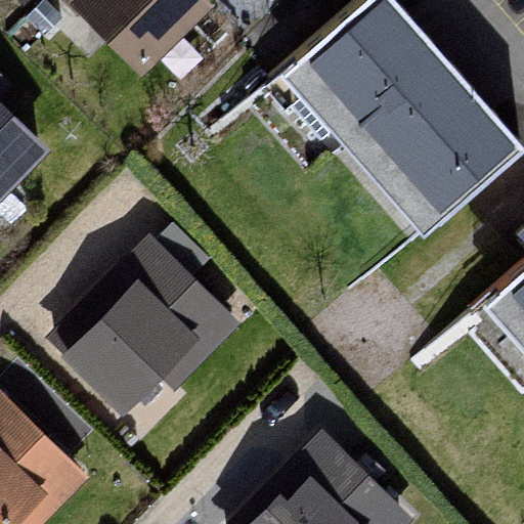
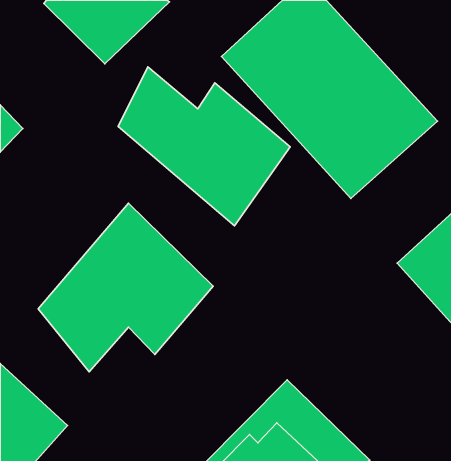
building: none -> [118,67,290,226]

